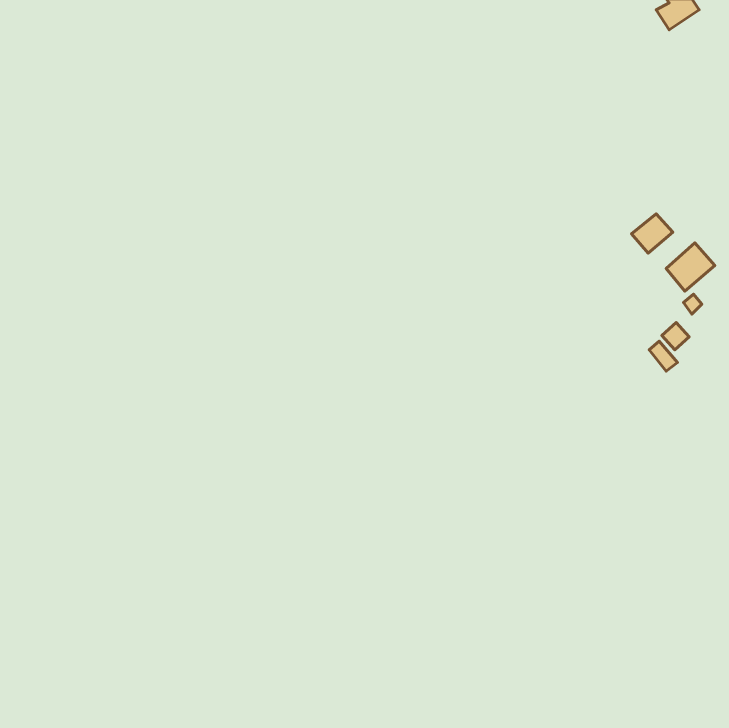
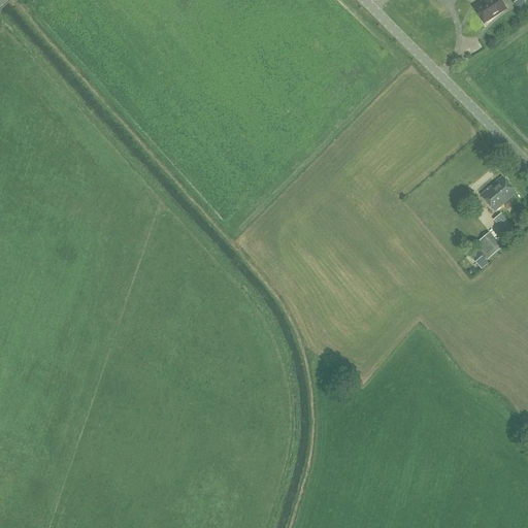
building: [632,214,673,253] -> none

